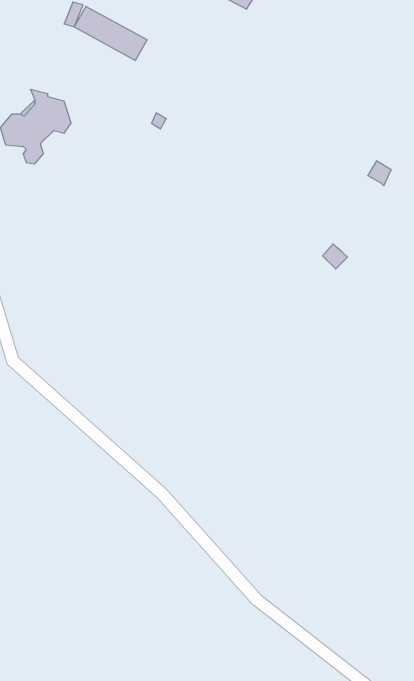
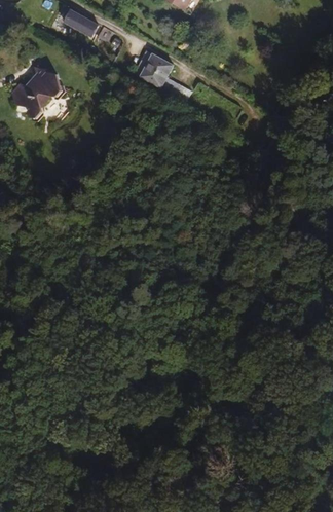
building: none -> [140,54,188,103]

